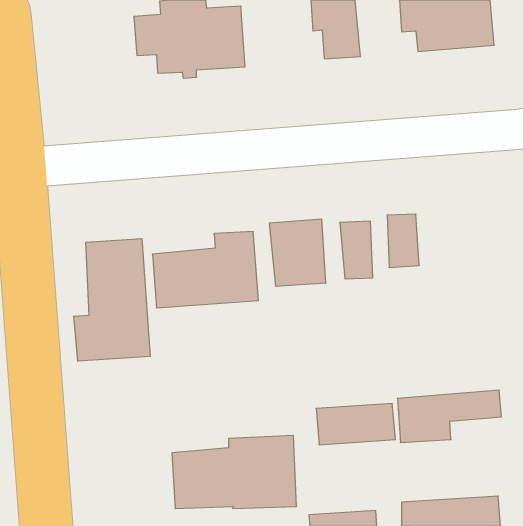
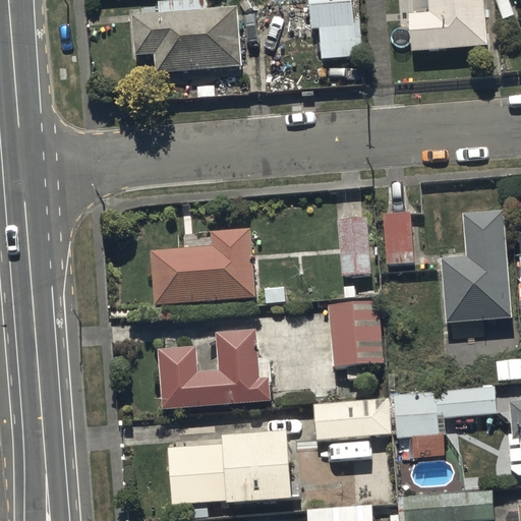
building: none -> [444,211,510,322]
building: [269,219,326,286] -> [327,302,383,368]
building: [74,239,150,361] -> none
building: none -> [159,332,269,408]

